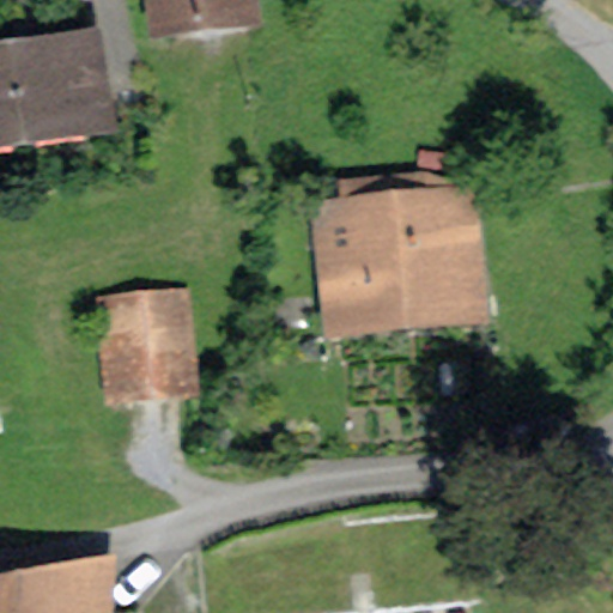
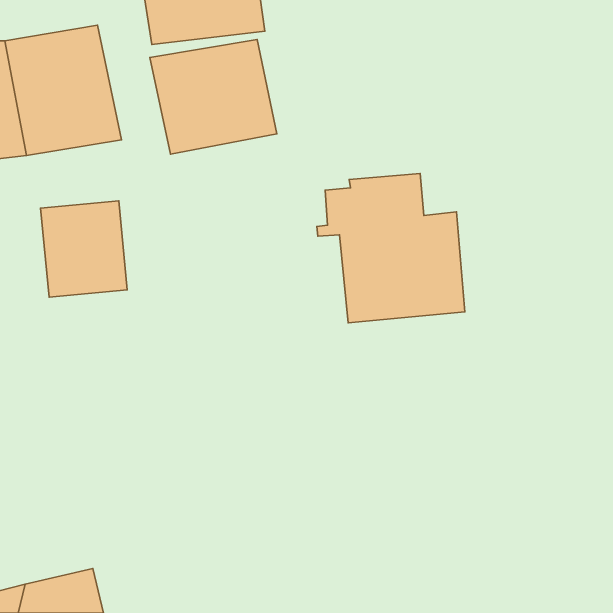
building: none -> [150,40,277,154]
building: [102,297,188,393] -> [41,201,127,297]

